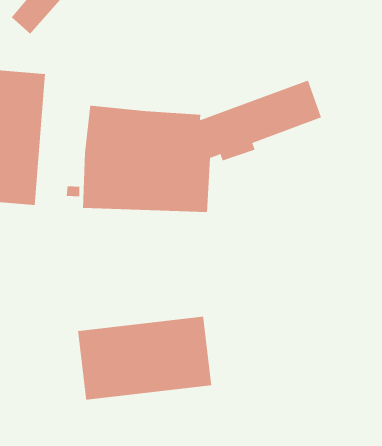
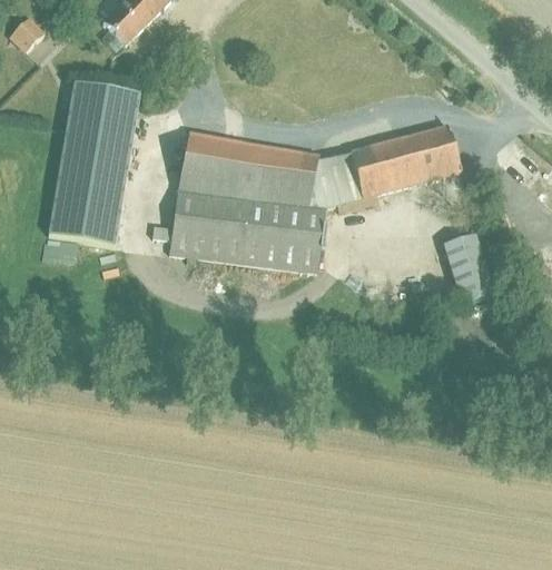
building: none -> [443,234,491,303]
building: [78,316,212,400] -> none

